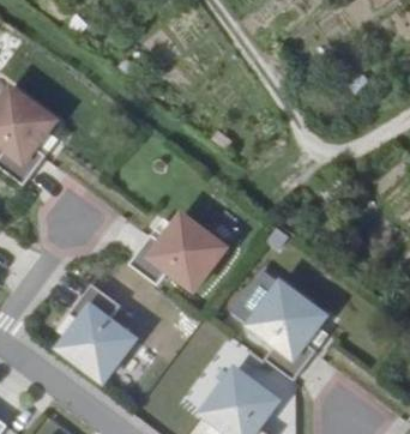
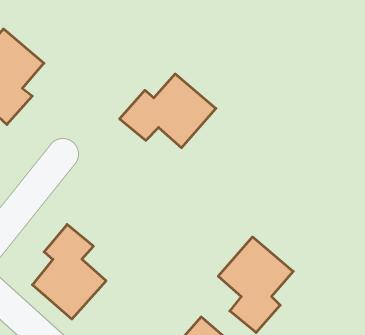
building: [127,213,225,289] -> [120,74,216,148]

